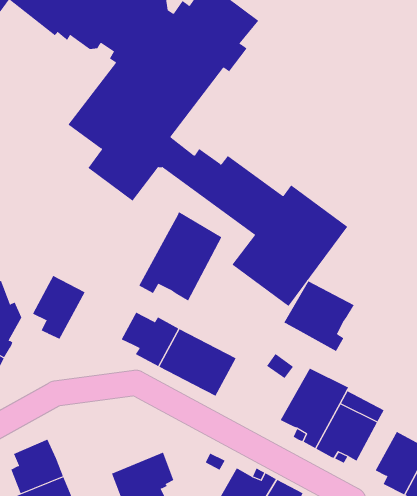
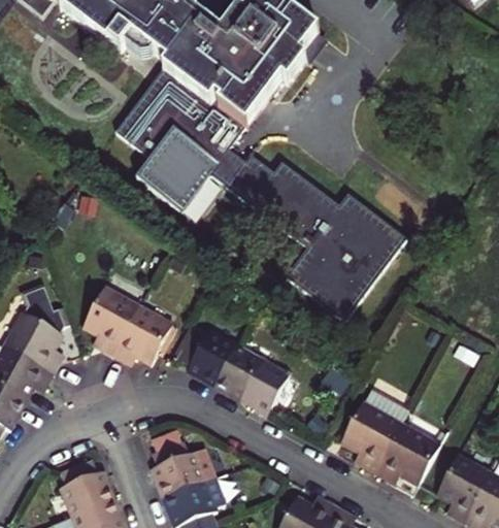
building: [139,211,222,302] -> none
building: [283,281,354,352] -> none
building: none -> [108,308,169,366]
building: none -> [149,431,217,498]

